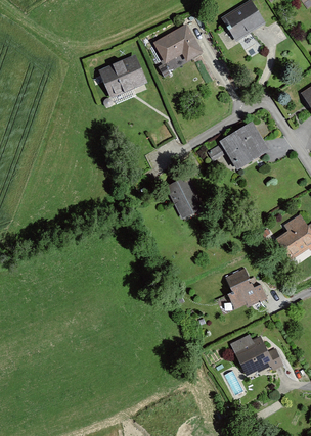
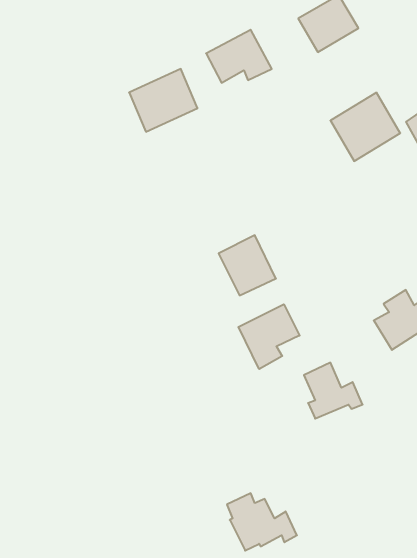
building: [217,120,268,171] -> [330,93,400,161]
building: none -> [238,304,300,369]
building: [232,334,283,376] -> [227,493,297,551]

